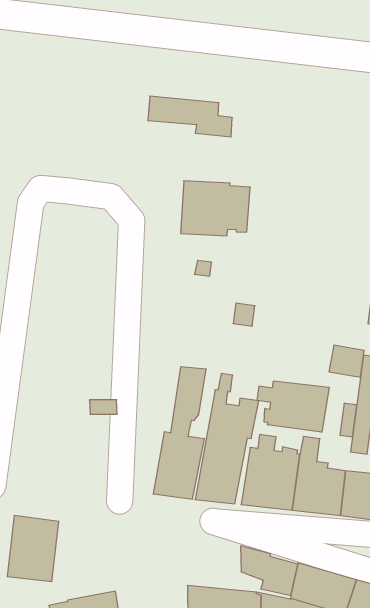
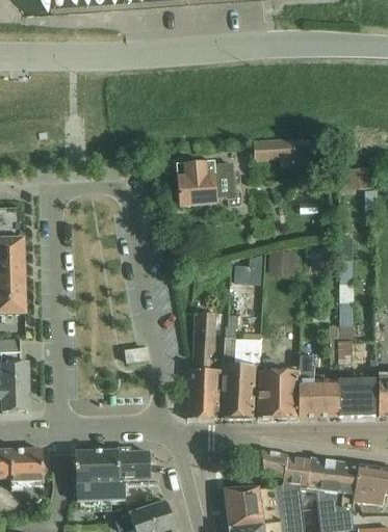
building: [148,96,232,137] -> [253,140,322,167]
building: [329,345,364,377] -> [266,251,292,274]
building: [257,381,329,432] -> none
building: none -> [112,451,150,501]

